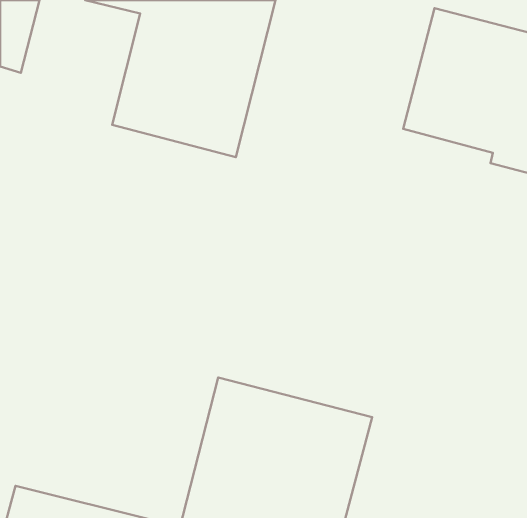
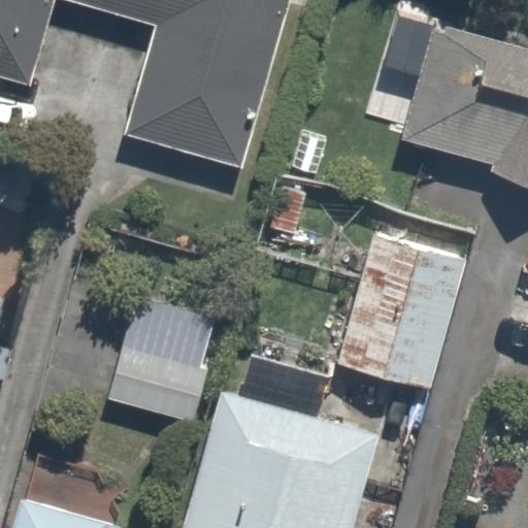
building: none -> [339,233,468,390]
building: none -> [113,291,216,417]

